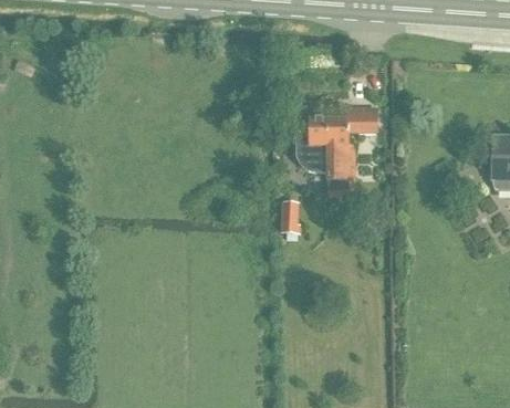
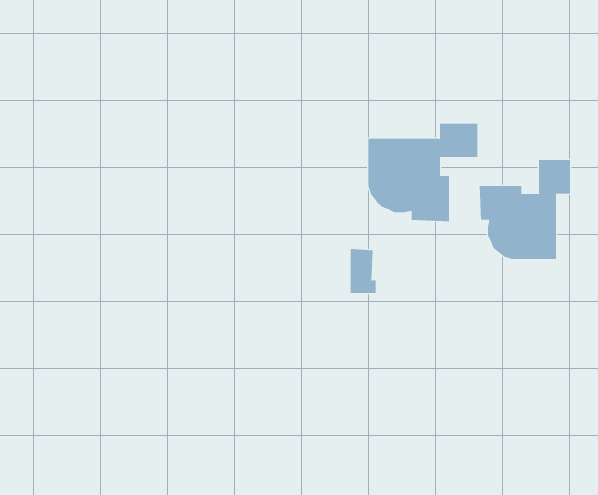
building: none -> [479,159,570,260]

